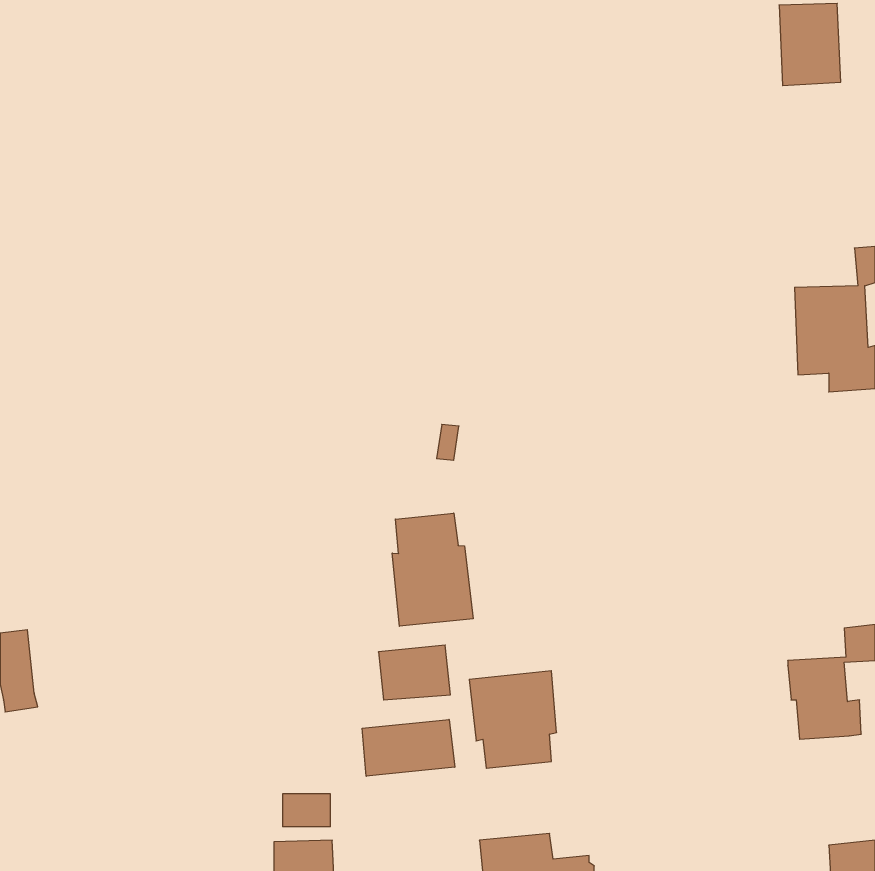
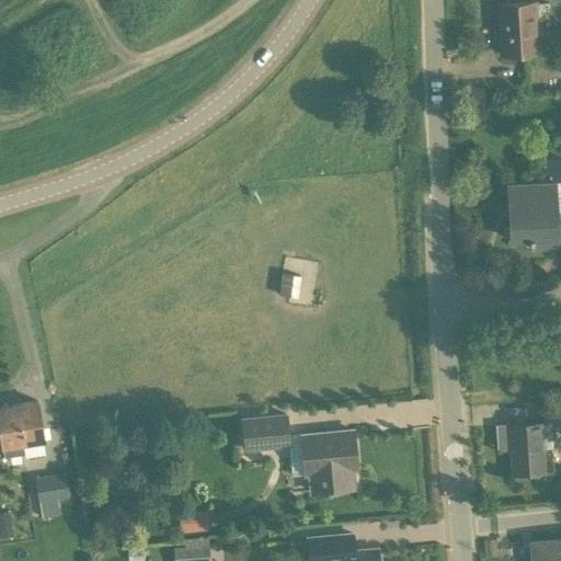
building: [392,513,473,626] -> none
building: none -> [18,402,44,446]
building: [362,719,455,776] -> none
building: none -> [34,473,70,518]

